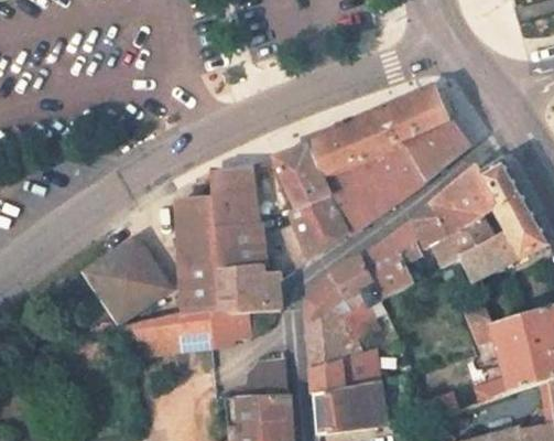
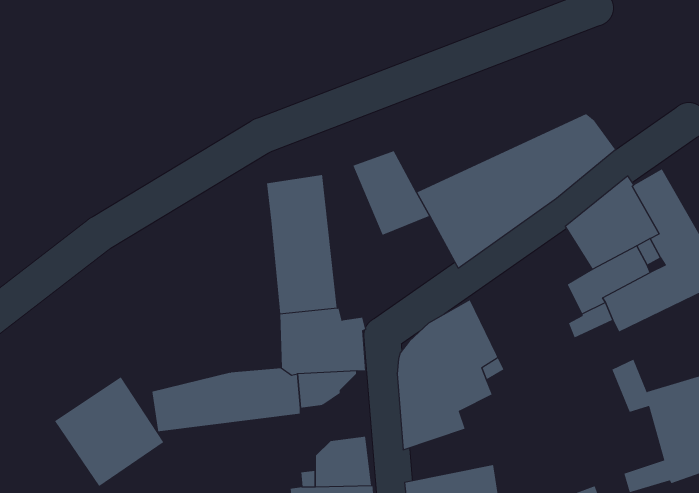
building: [304,92,446,178] -> none
building: [280,195,350,269] -> none
building: [177,198,220,311] -> none
building: [412,203,450,249] -> none
building: [360,226,423,298] -> none
building: [86,238,167,320] -> [54,377,164,487]
building: [311,347,378,392] -> none

